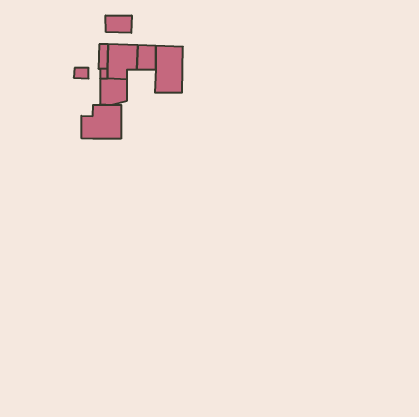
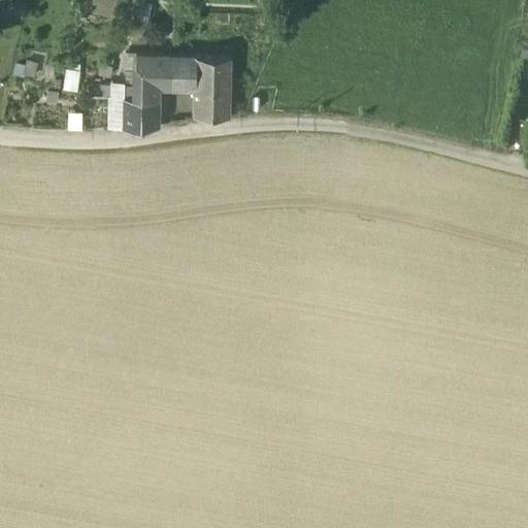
building: [106,15,132,33] -> none
building: [81,105,121,139] -> none

